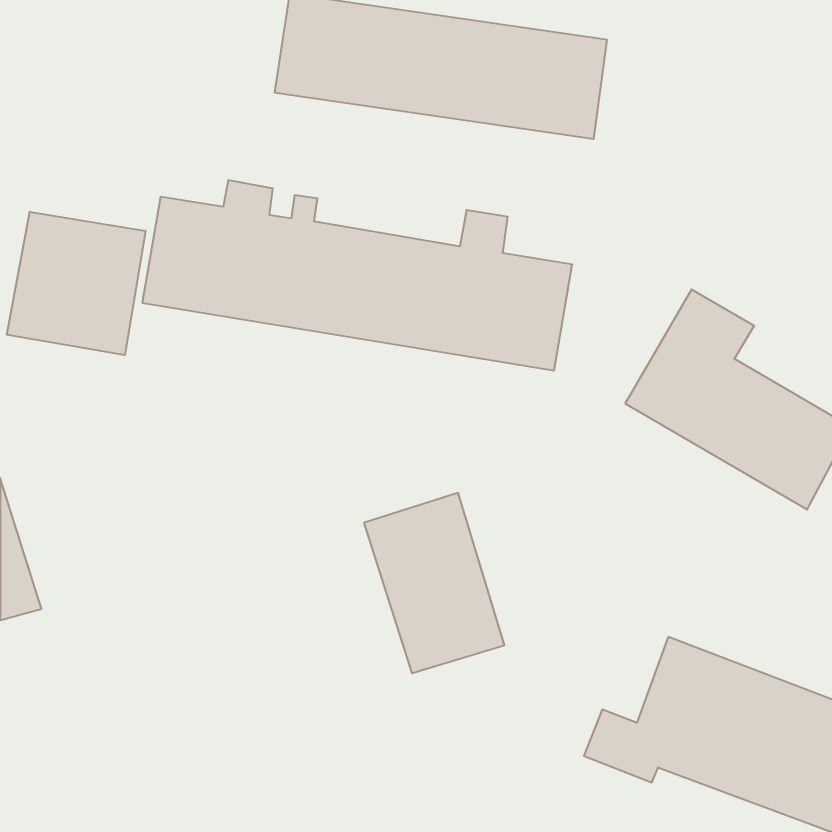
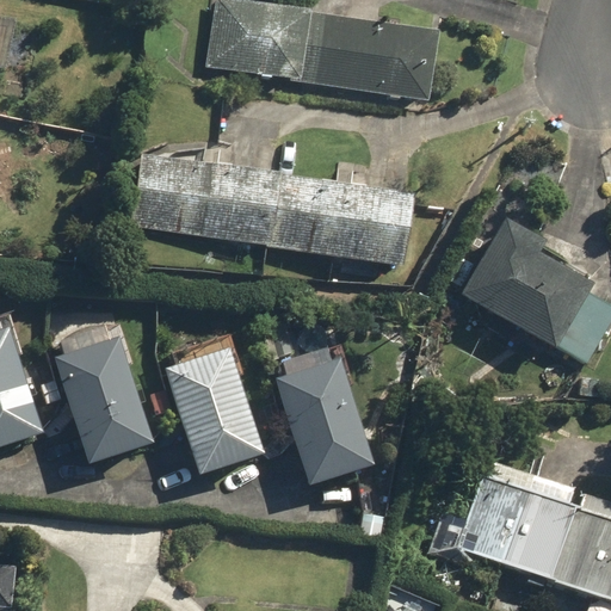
building: [7,212,145,355] -> none
building: none -> [44,339,148,468]
building: none -> [154,351,266,479]

